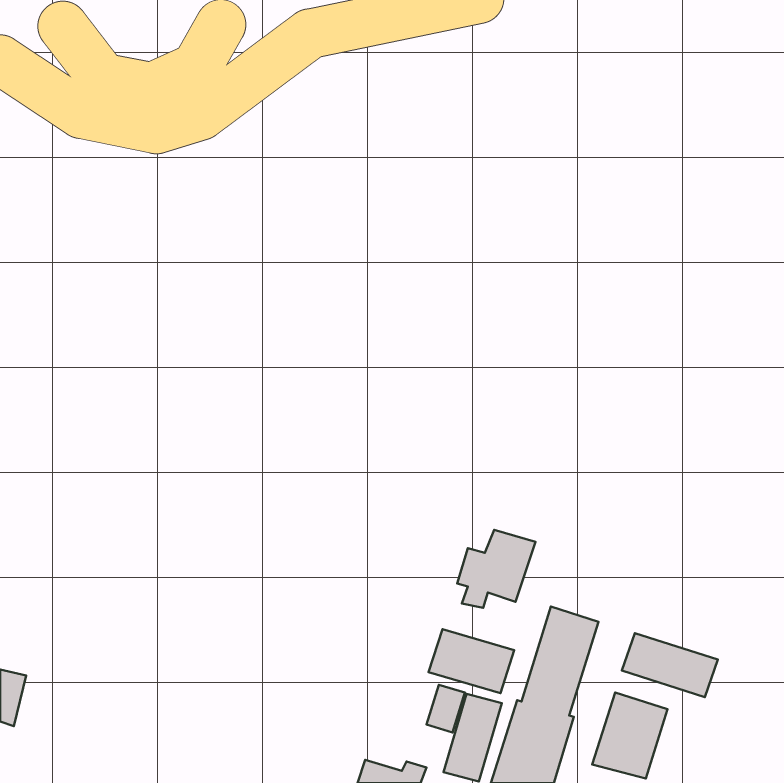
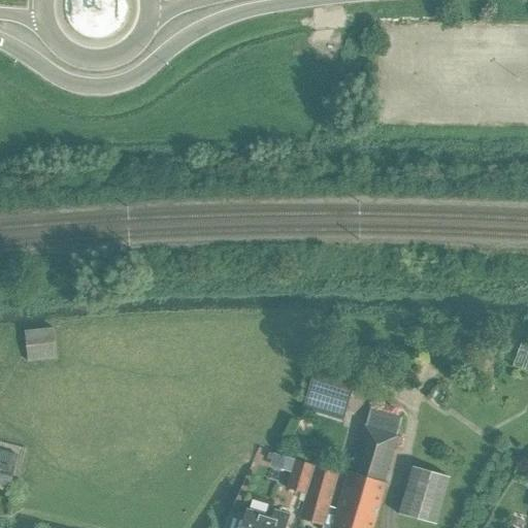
building: none -> [24,327,57,361]
building: [429,629,514,693] -> none
building: [622,633,718,697] -> none

